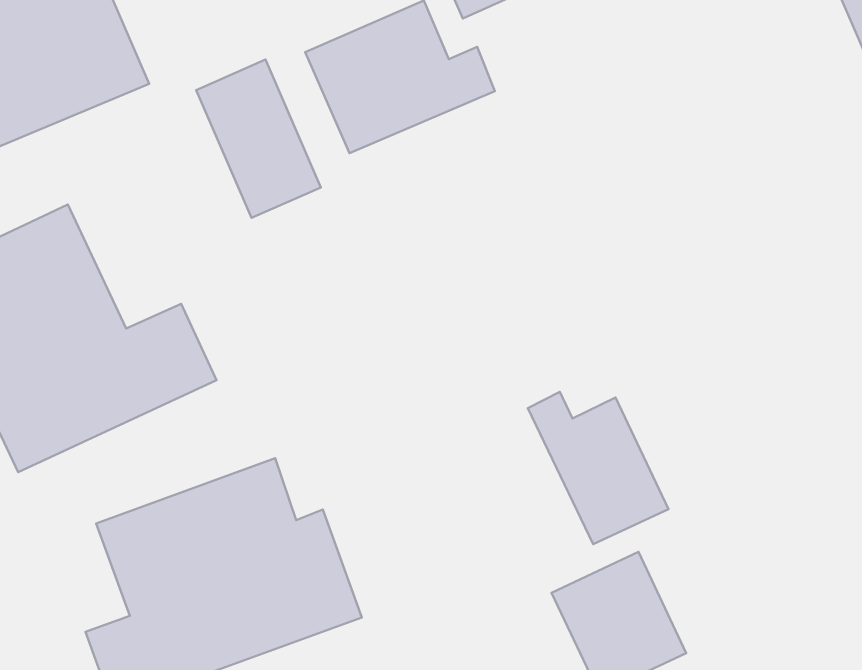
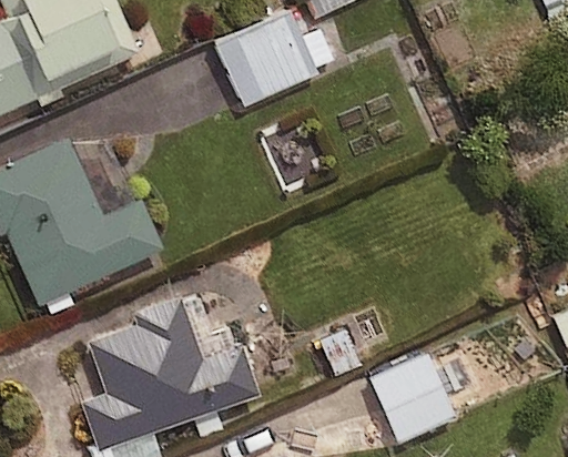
building: [196,60,321,218] -> none
building: [528,392,668,544] -> none

